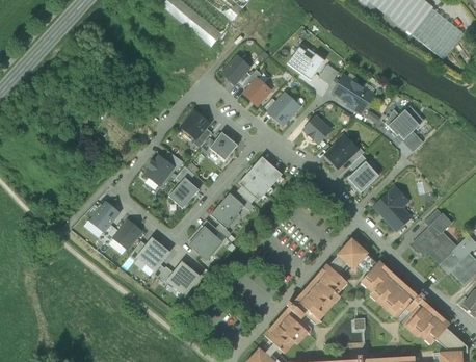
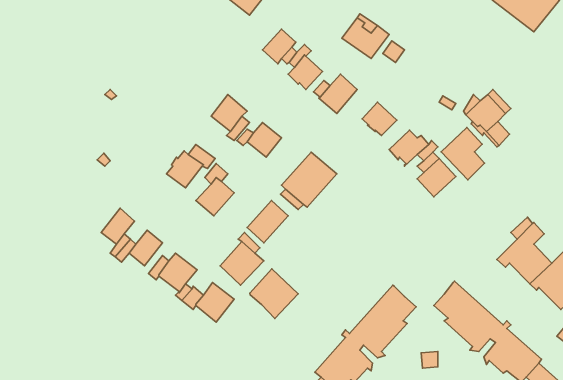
building: [334,76,372,113] -> none
building: [374,187,409,230] -> [441,127,485,180]
building: [328,239,376,274] -> none
building: none -> [250,269,298,318]

